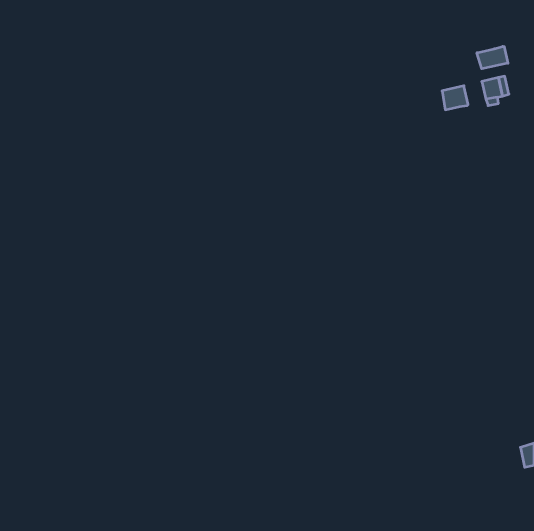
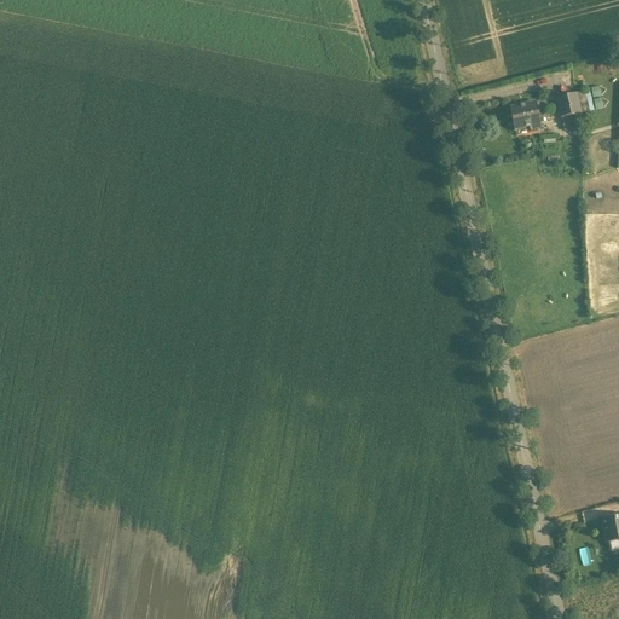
building: [477,46,508,69] -> none

